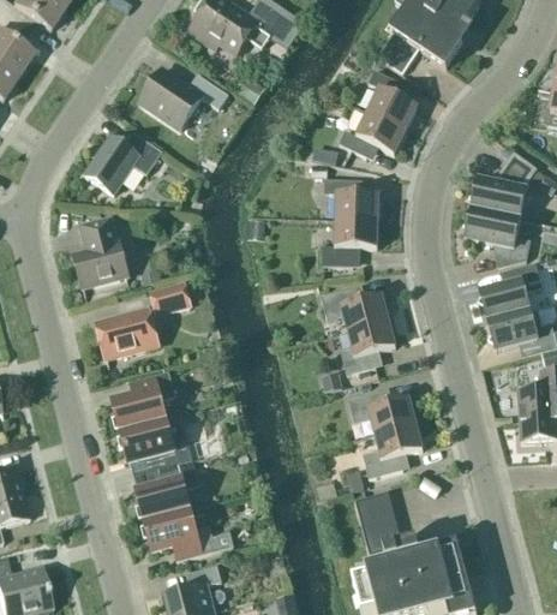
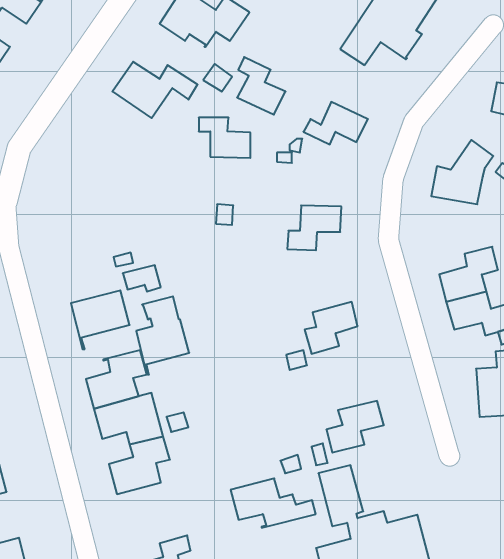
building: [367,70,418,130] -> [237,57,286,115]
building: [84,132,162,195] -> none
building: [324,179,378,221] -> [199,118,250,158]
building: [466,210,531,268] -> none
building: [73,217,128,299] -> [136,296,189,375]
building: [321,287,389,332] -> none
building: [348,389,415,434] -> none
building: [144,509,233,561] -> [231,478,316,528]

